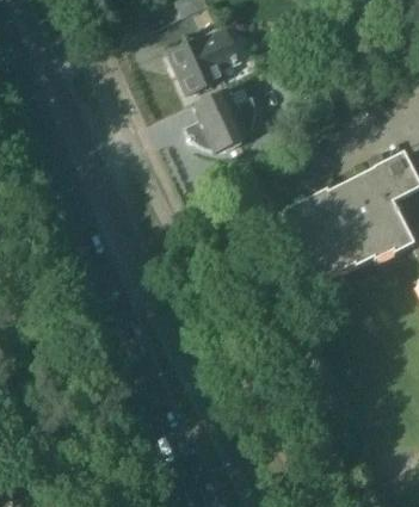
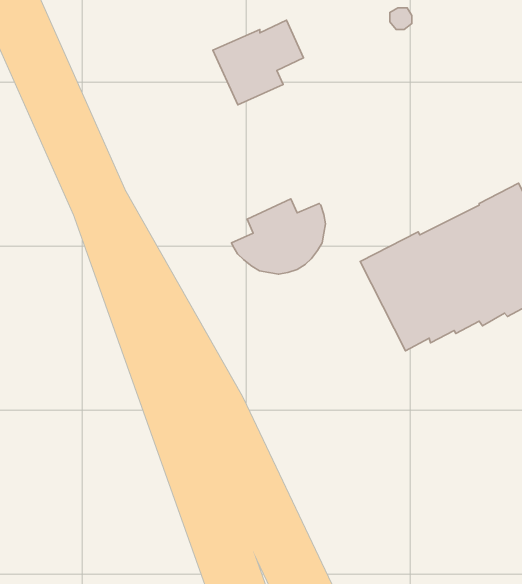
building: [185,91,257,148] -> [231,199,325,274]

